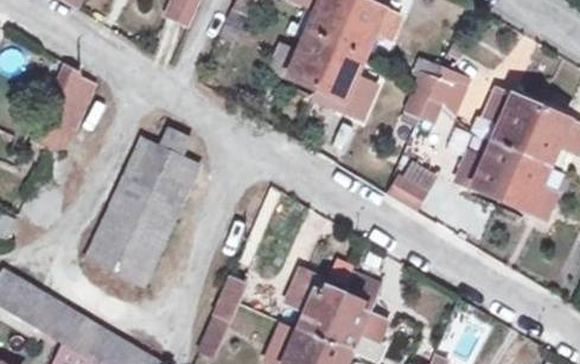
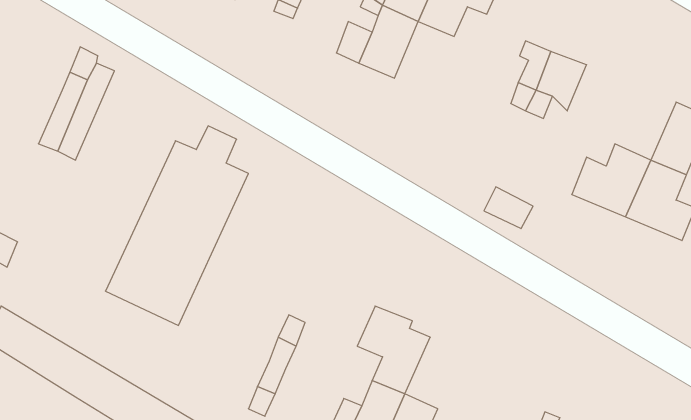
building: [316,43,367,106] -> none
building: [471,89,540,153] -> none
building: [324,273,385,351] -> none

